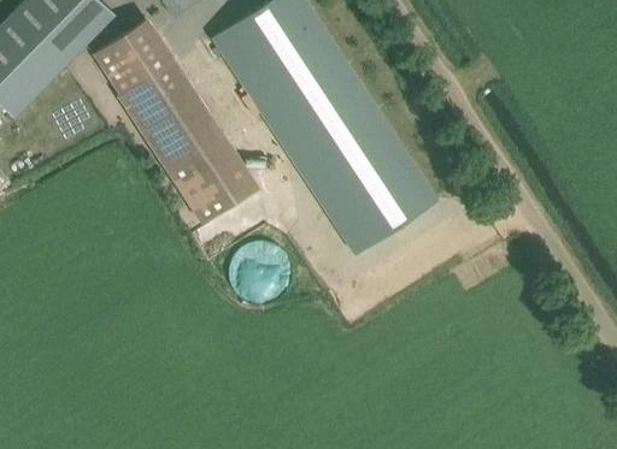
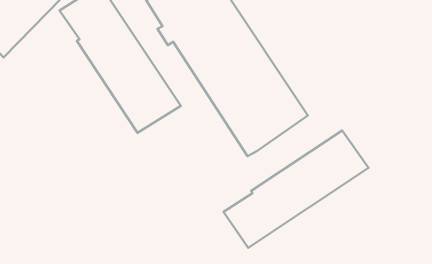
building: none -> [223,130,369,248]

